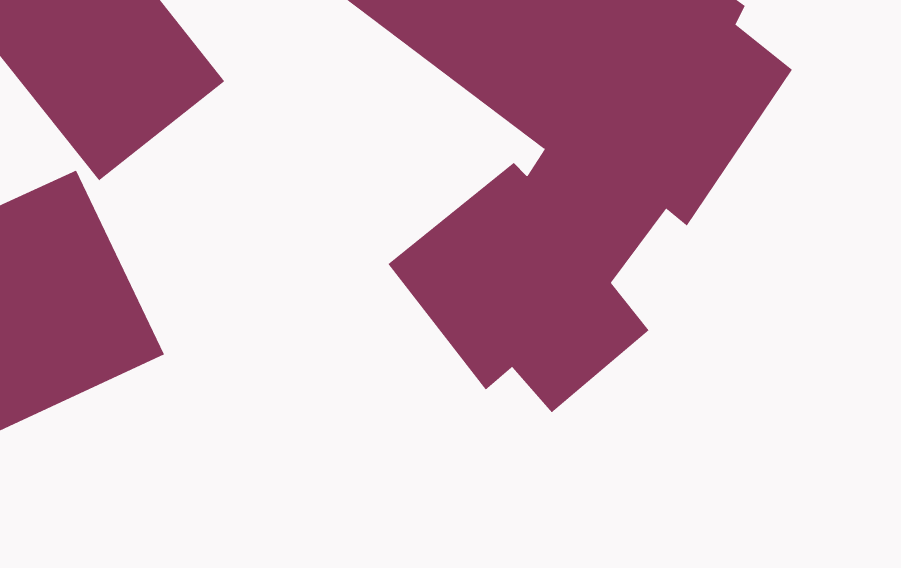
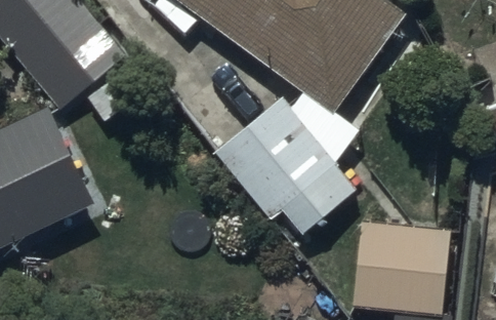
building: none -> [350,219,451,314]

